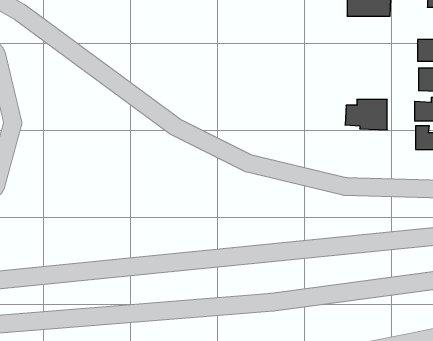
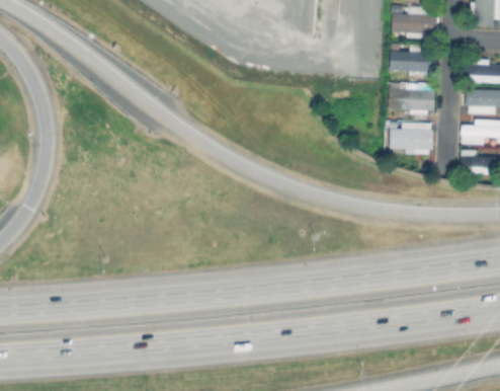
building: none -> [391,51,429,76]
building: none -> [392,89,434,113]

